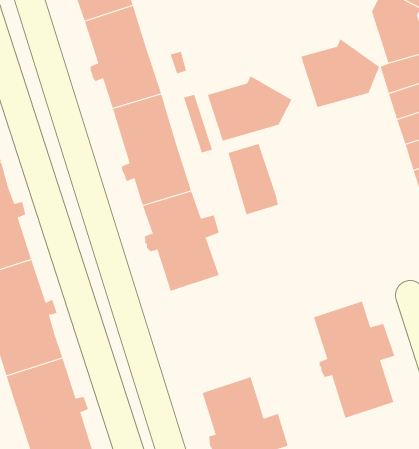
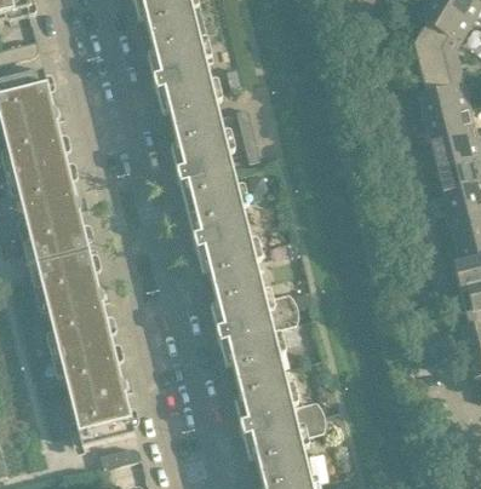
building: [301,38,380,108] -> none
building: [207,75,292,142] -> none
building: [228,143,278,215] -> none
building: [313,301,395,419] -> [213,275,286,381]

